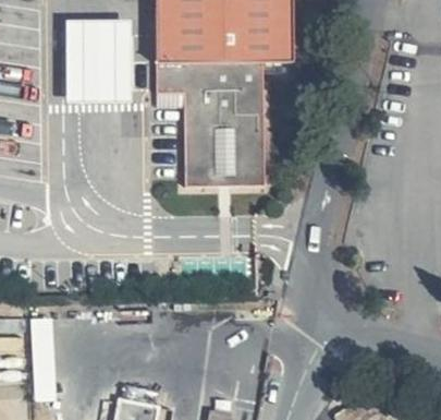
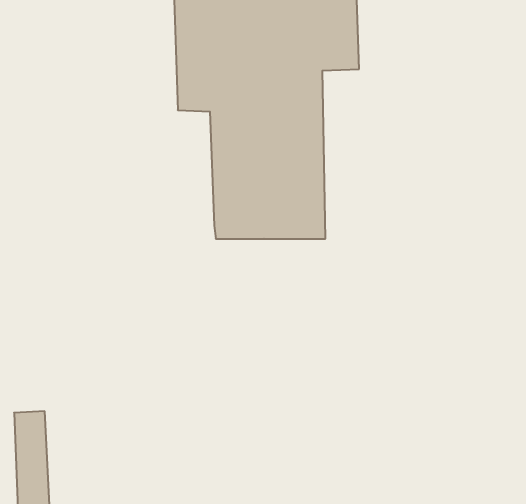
building: [70,20,135,101] -> none

